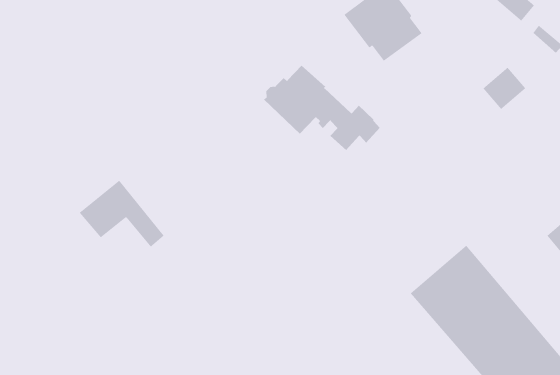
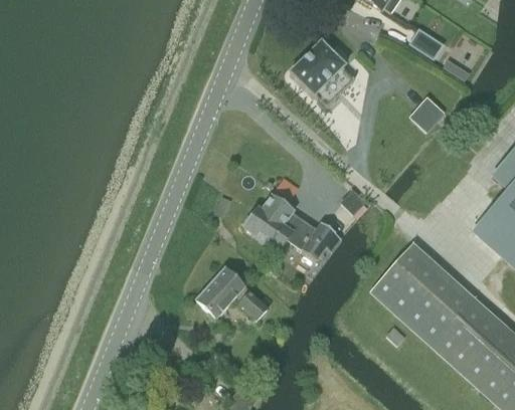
building: [263,65,381,151] -> [243,196,341,260]
building: [79,180,165,247] -> [195,267,267,319]

